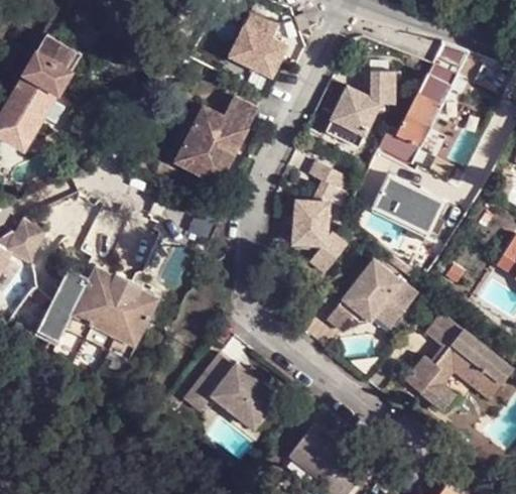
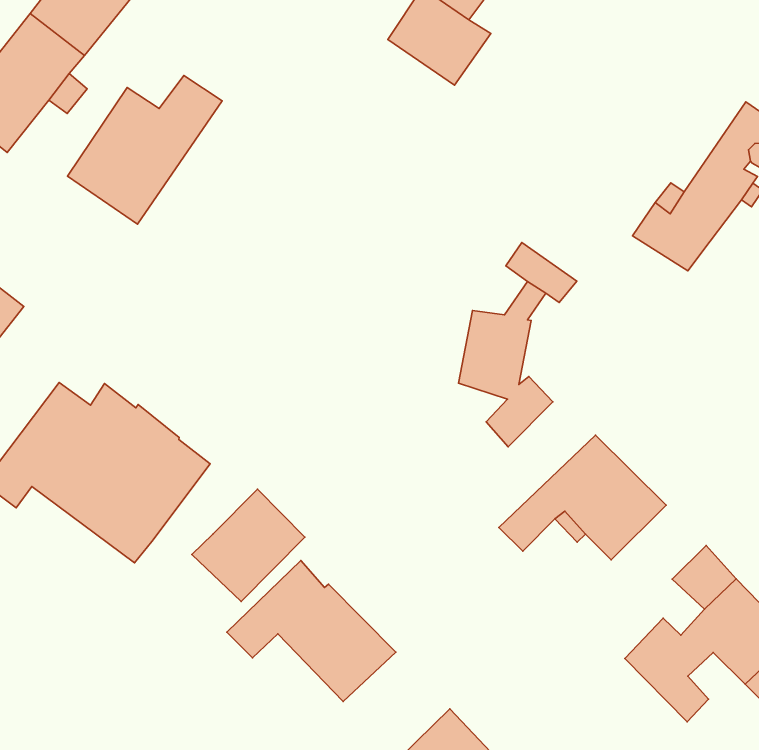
building: [325,71,394,148] -> none
building: [176,95,256,180] -> [68,75,222,224]
building: [372,173,441,233] -> none
building: none -> [192,489,305,602]

